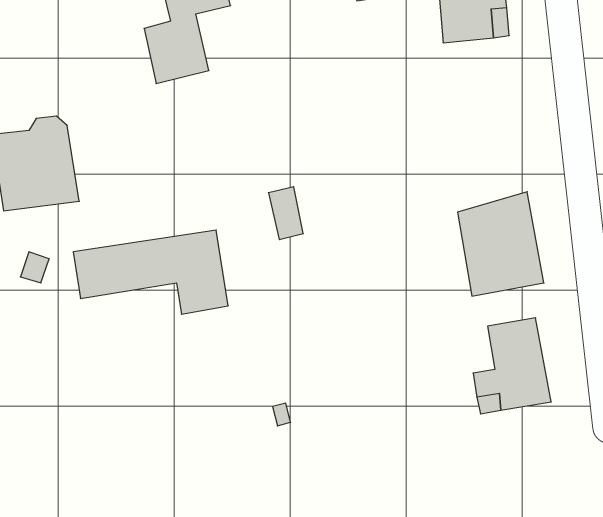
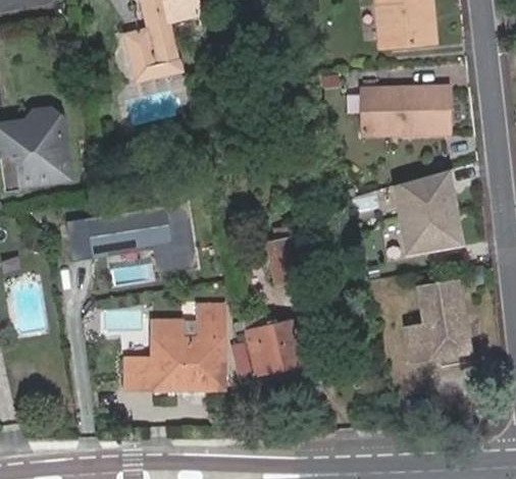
building: none -> [360,86,448,134]
building: [268,187,303,240] -> [267,237,297,282]
building: none -> [121,303,223,388]
building: none -> [242,313,300,374]

